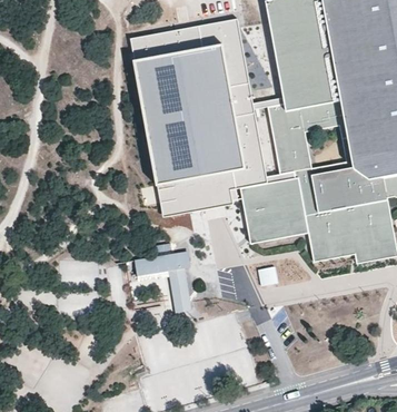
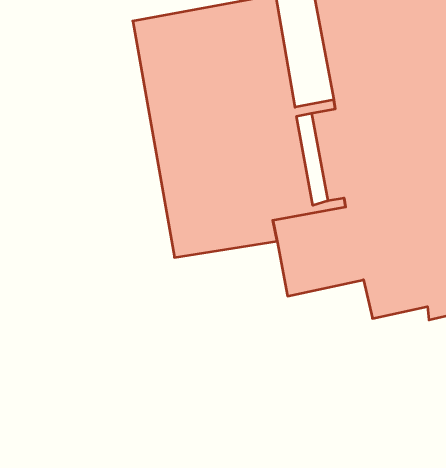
building: [137,252,192,312] -> none

